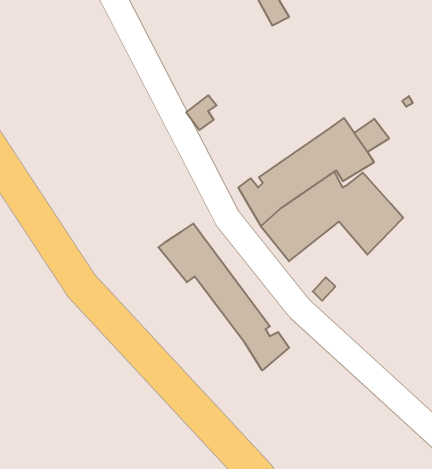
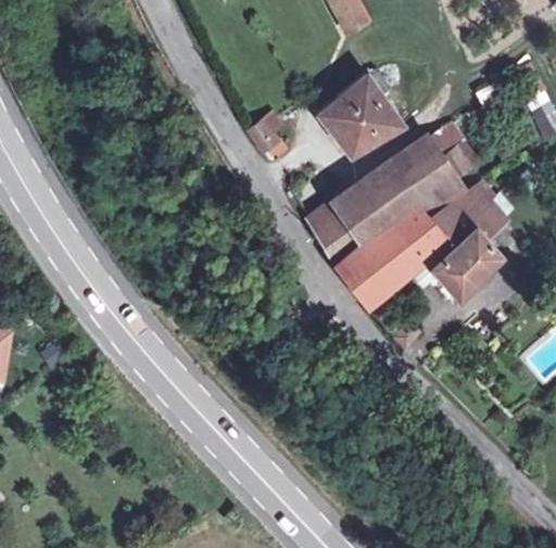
building: none -> [319,76,402,155]
building: none -> [452,188,506,239]
building: [158,223,289,370] -> none

